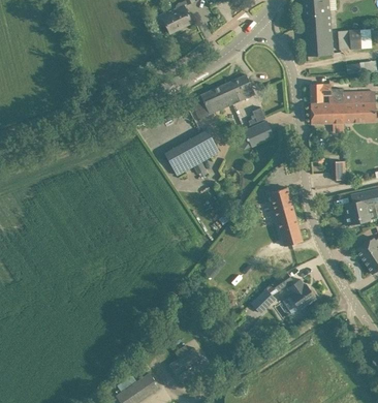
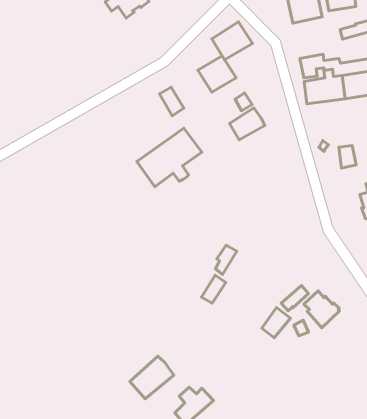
building: [201,84,234,114] -> [212,22,253,60]
building: [270,187,303,246] -> none
building: none -> [130,356,174,399]

